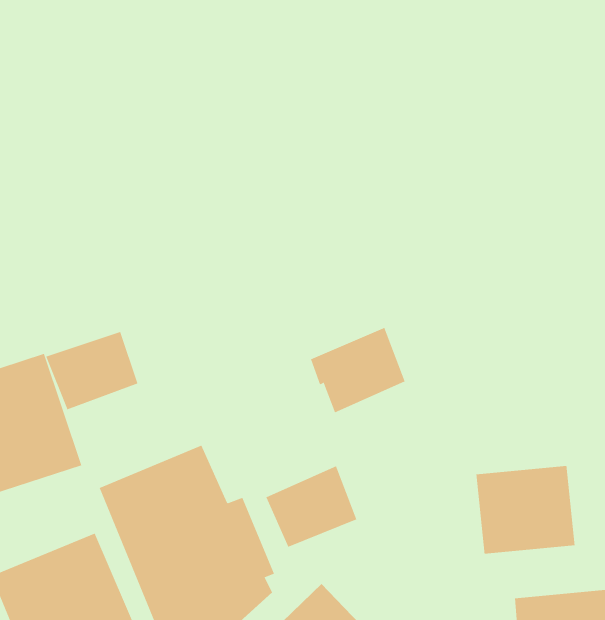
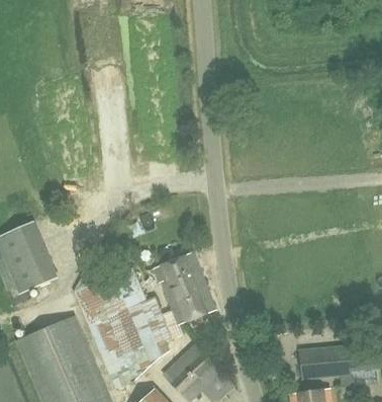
building: [310,327,406,413] -> [152,249,203,296]
building: [46,331,138,410] -> none
building: [476,465,575,555] -> none

